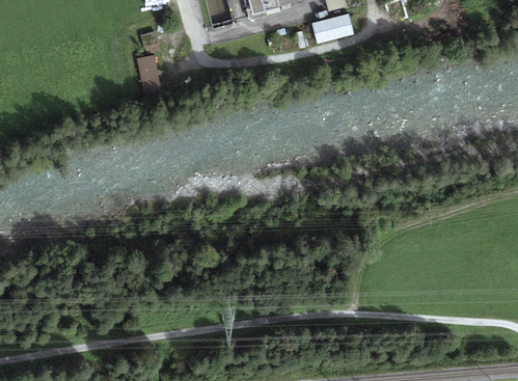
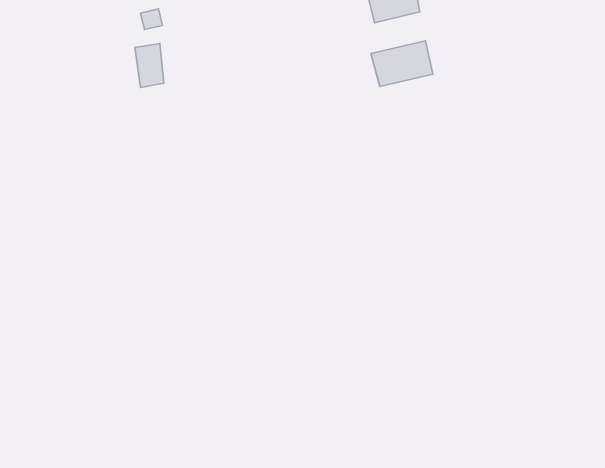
building: none -> [371,41,433,86]

